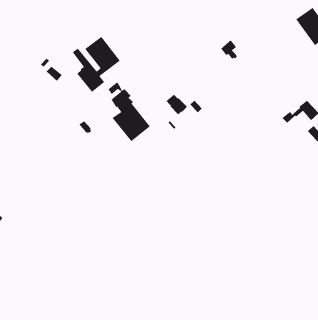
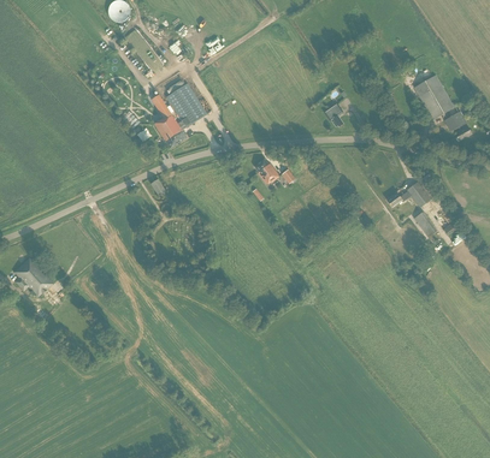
building: [108,81,151,142] -> none

